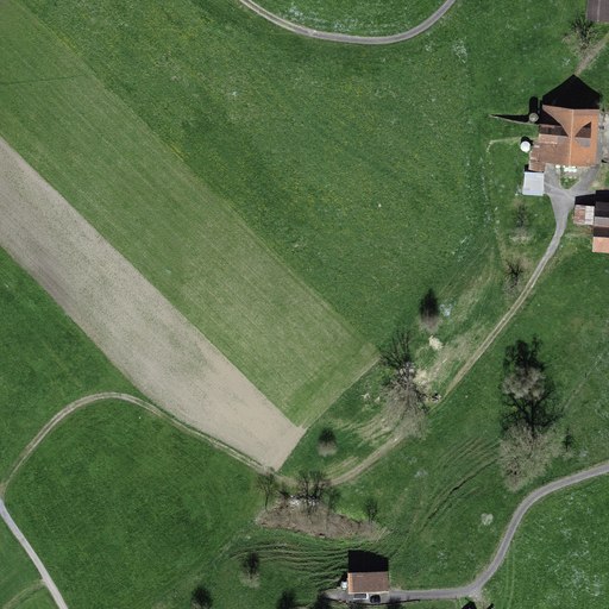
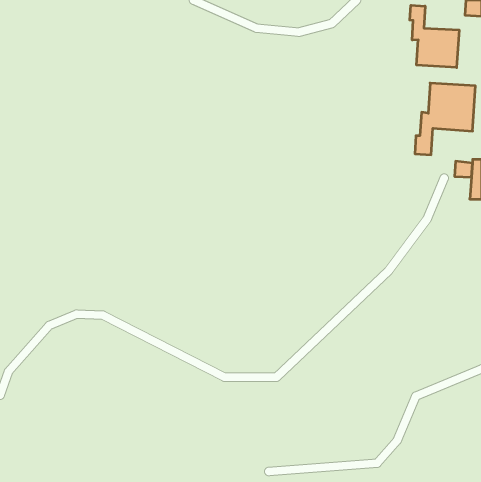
building: none -> [410,5,459,68]
building: [349,570,390,594] -> none

